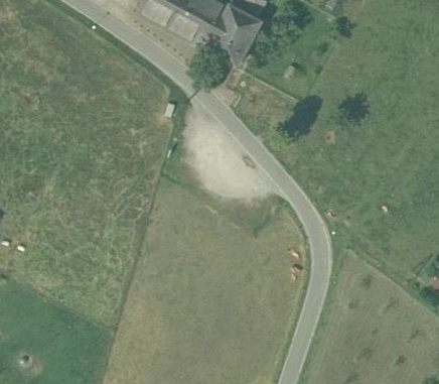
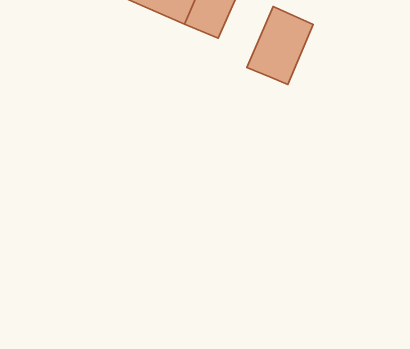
building: none -> [247,7,313,84]

